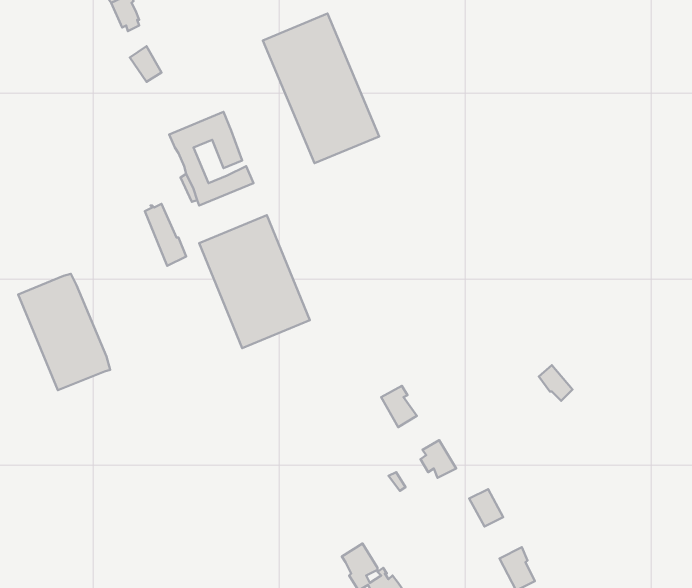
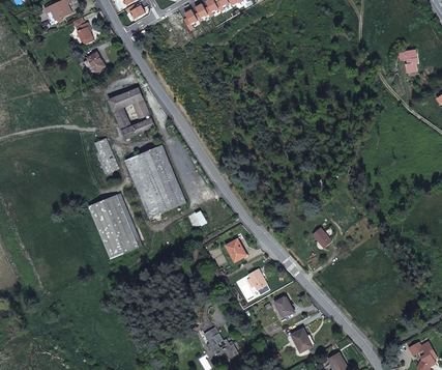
building: [263,14,379,163] -> none
building: [18,274,110,390] -> [89,193,140,257]

